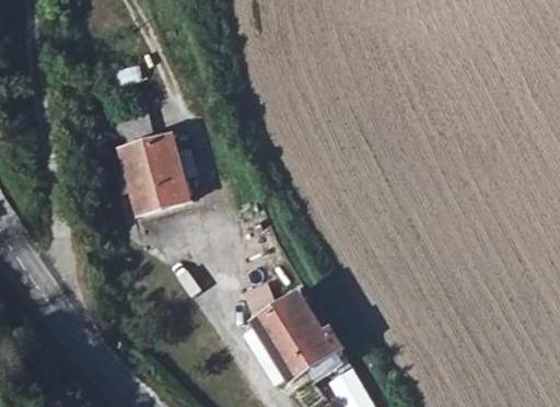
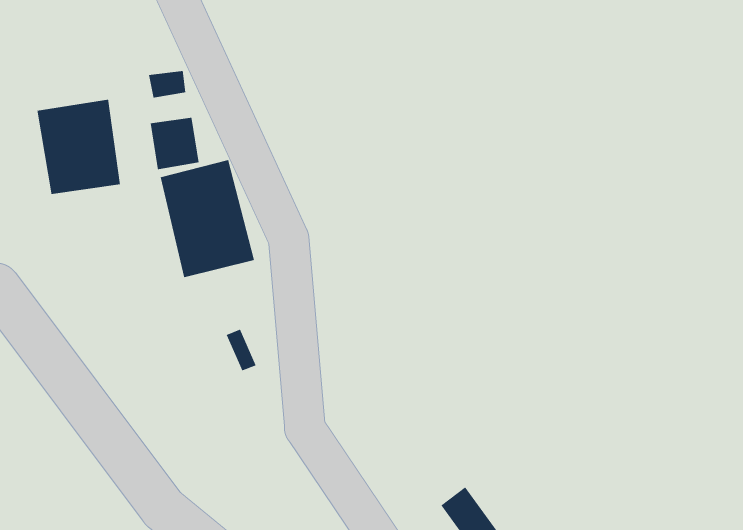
building: none -> [37,99,120,195]
building: [250,293,334,379] -> none

